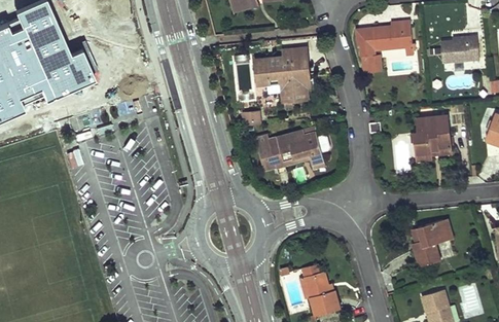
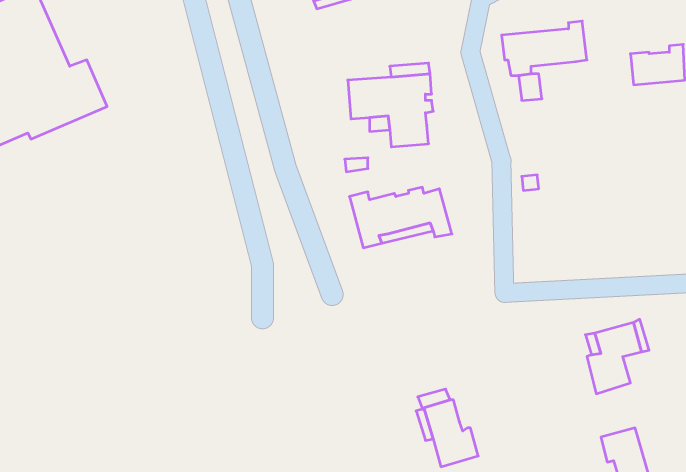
building: [413,115,450,156] -> none

